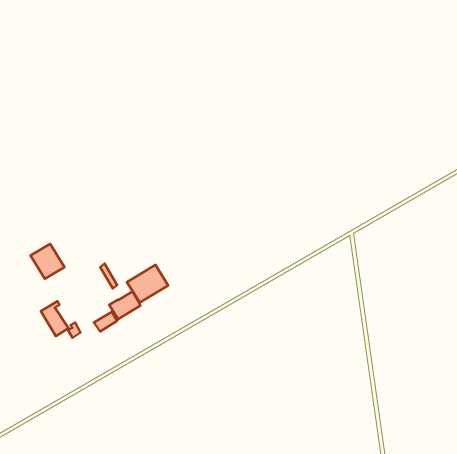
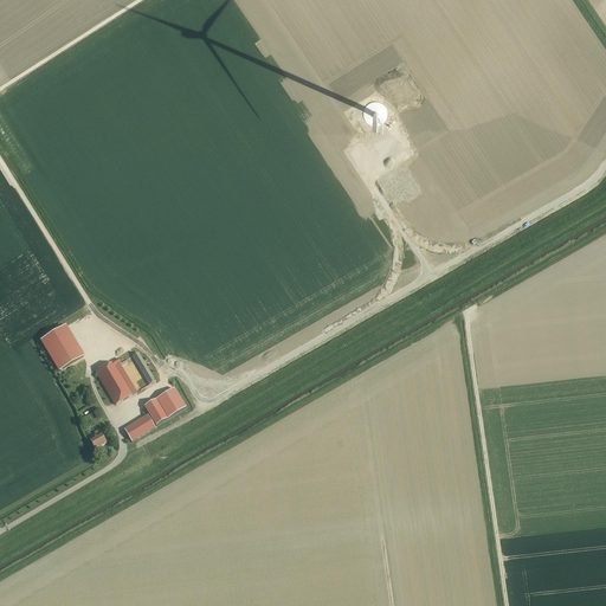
building: [127,265,168,302] -> none
building: [41,301,68,336] -> [96,356,133,402]

